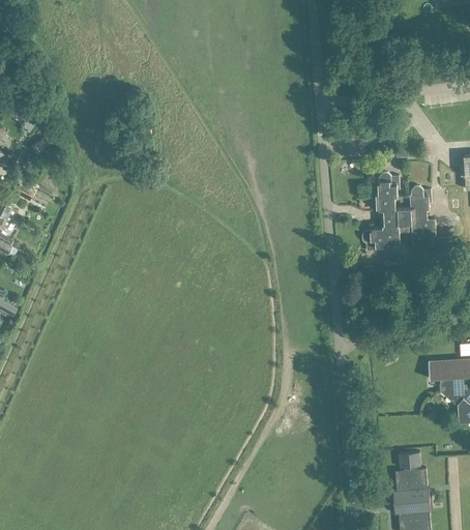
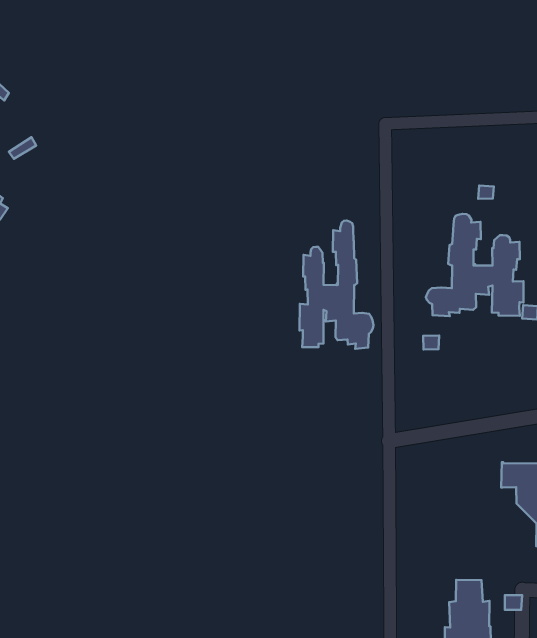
building: none -> [300,220,374,349]

